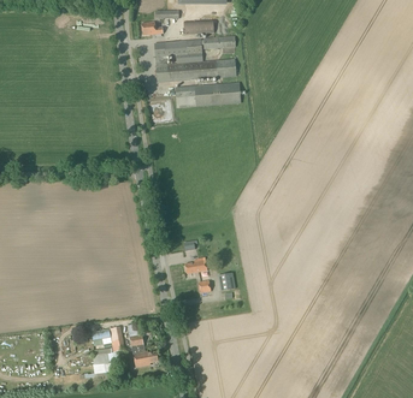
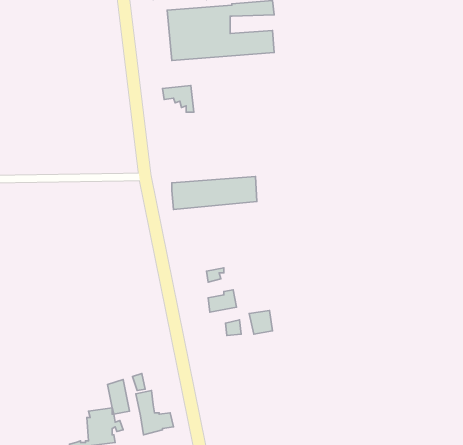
building: [175,82,240,107] -> [172,176,257,209]

